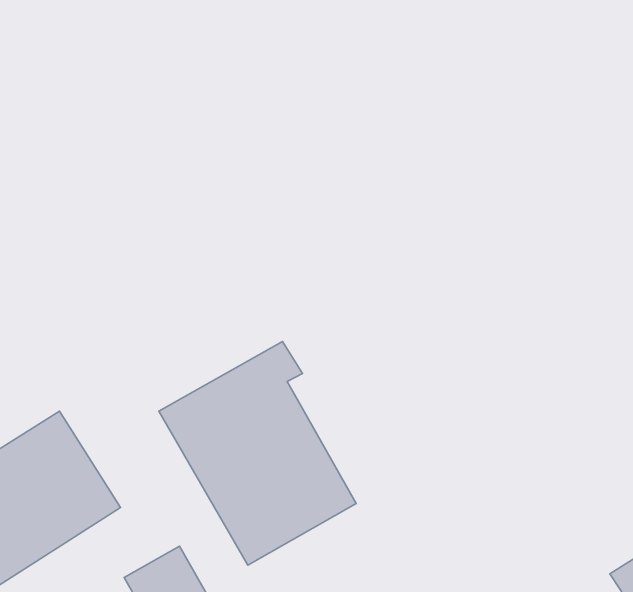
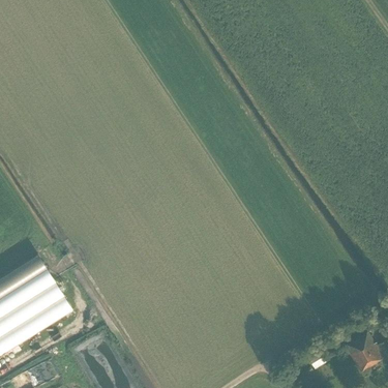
building: [159,341,356,565] -> none

